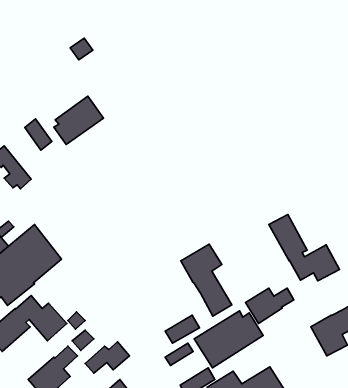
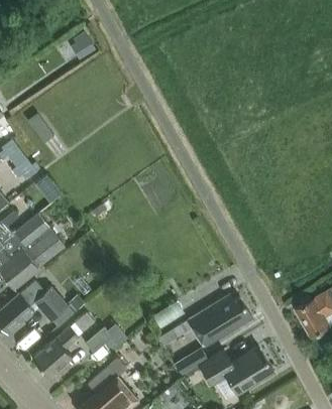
building: [54,96,103,144] -> none
building: [269,215,339,281] -> none
building: [181,244,232,316] -> none
building: [245,288,294,323] -> none

